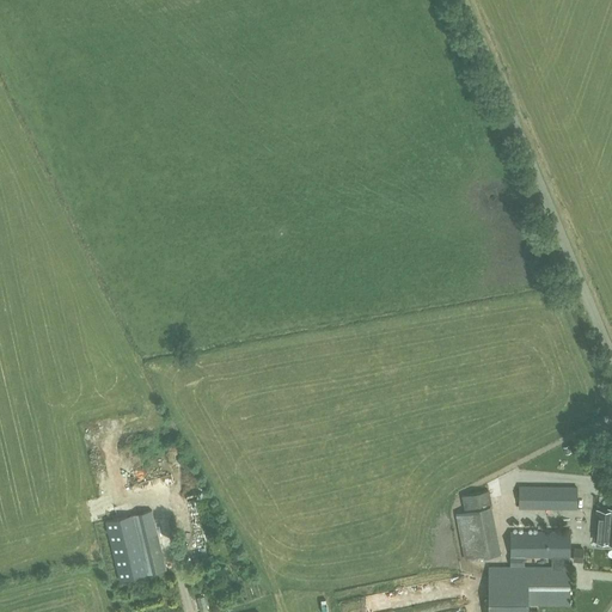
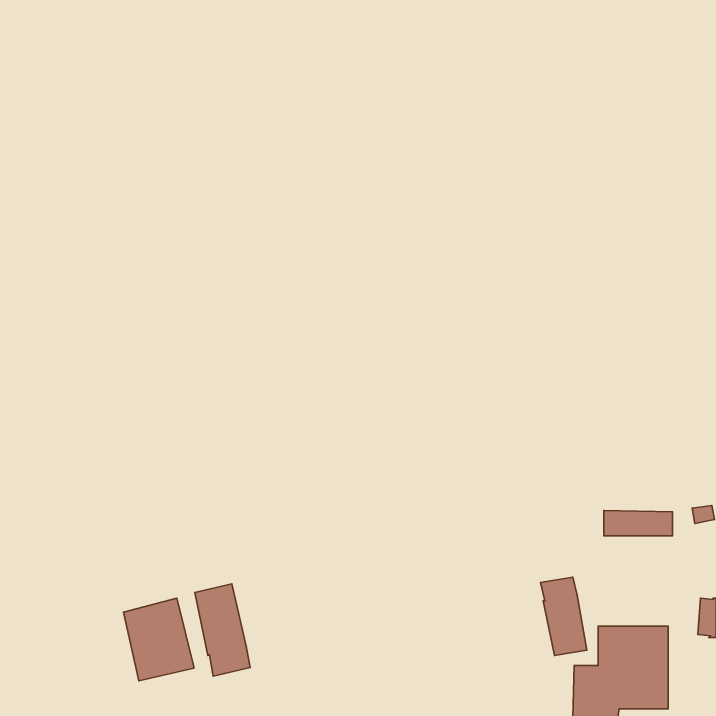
building: [518,488,576,509] -> [604,510,673,536]
building: none -> [195,584,250,676]

